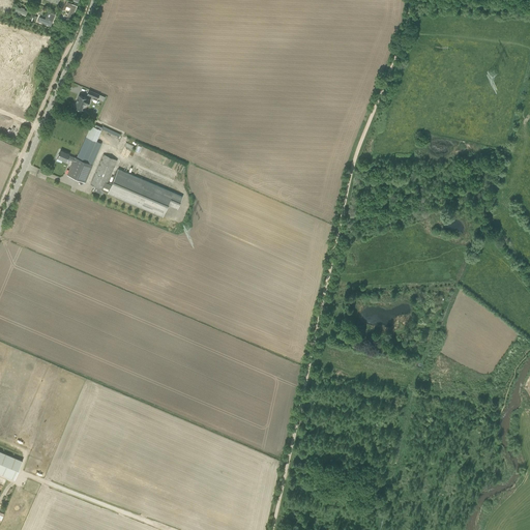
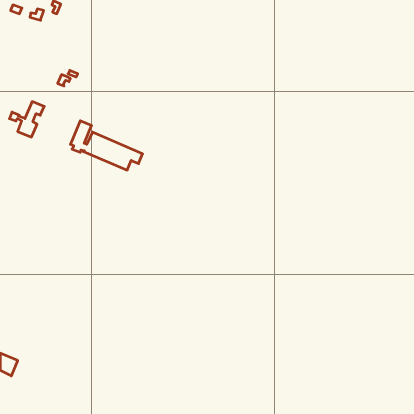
building: [57,137,101,182] -> [9,102,44,137]

